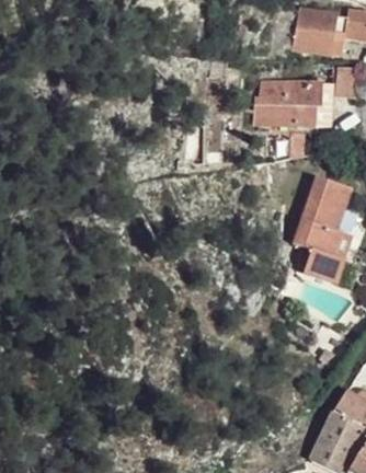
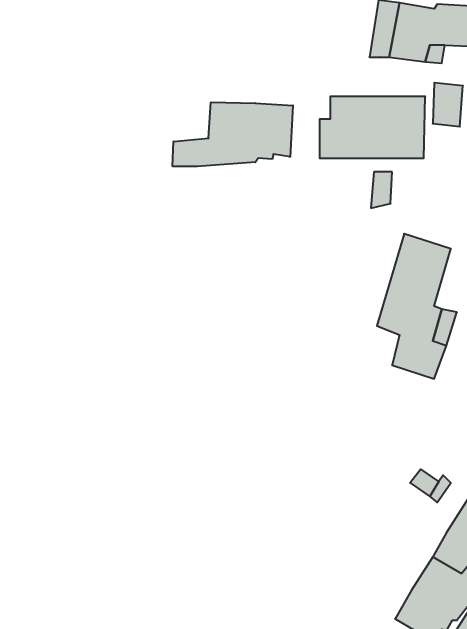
building: none -> [173,102,293,166]

